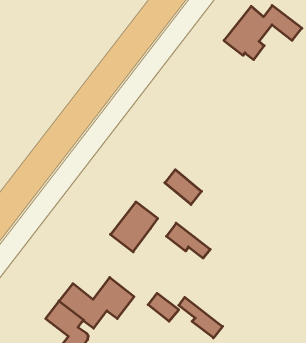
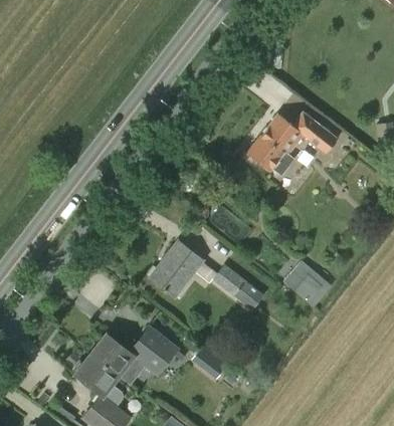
building: [224,5,302,60] -> [248,114,338,176]
building: none -> [283,275,321,302]
building: [179,297,223,338] -> none

